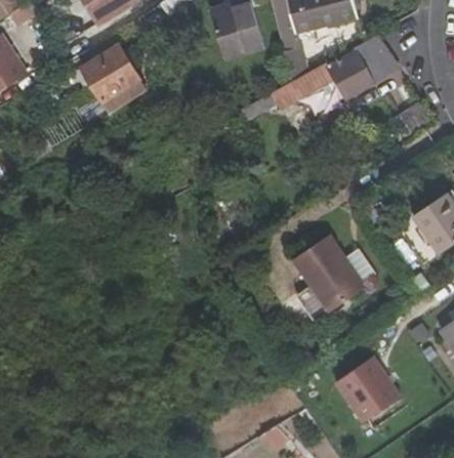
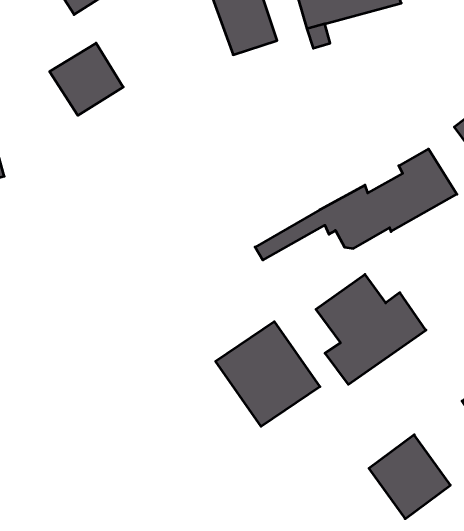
building: [244,31,404,119] -> [255,149,457,260]
building: none -> [216,322,320,426]

